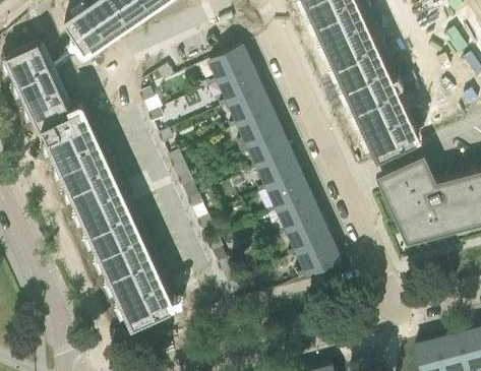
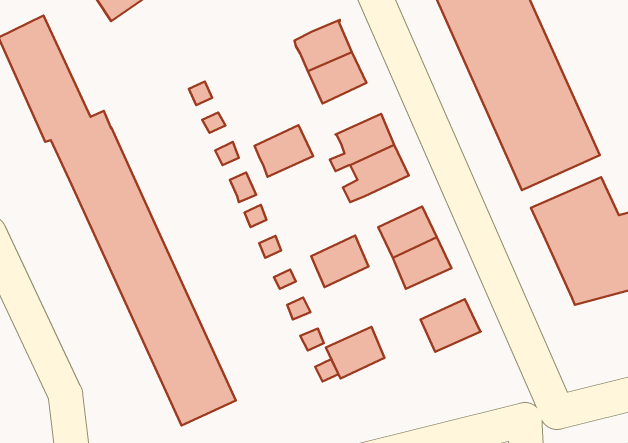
building: [232,90,273,126] -> [254,125,313,177]
building: [261,154,301,190] -> [311,236,368,287]
building: [290,219,330,254] -> [326,327,385,378]

